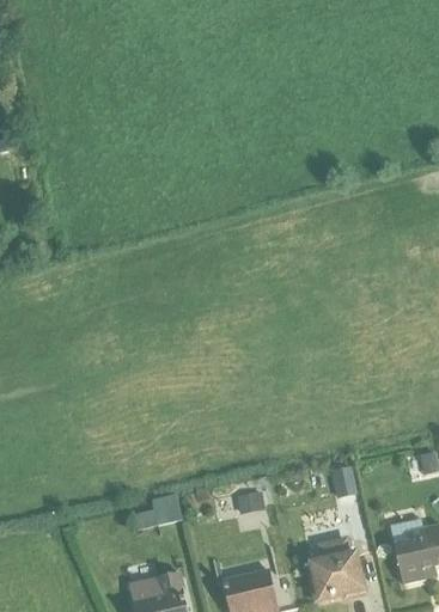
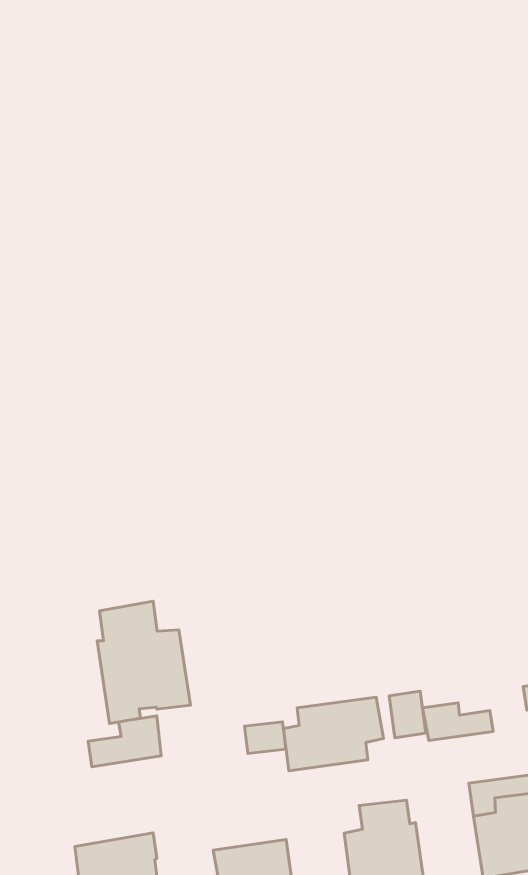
building: none -> [97,601,191,723]
building: none -> [422,703,493,740]
building: none -> [283,697,384,771]

